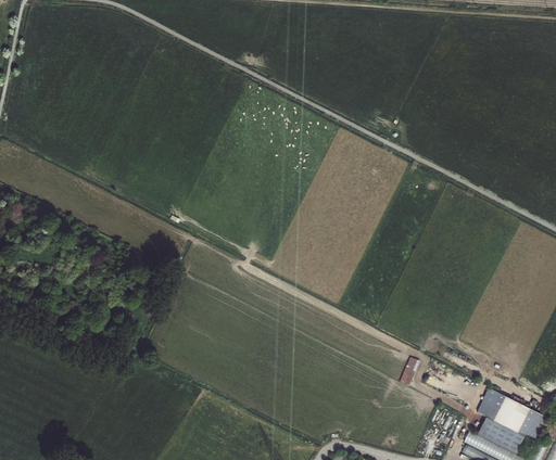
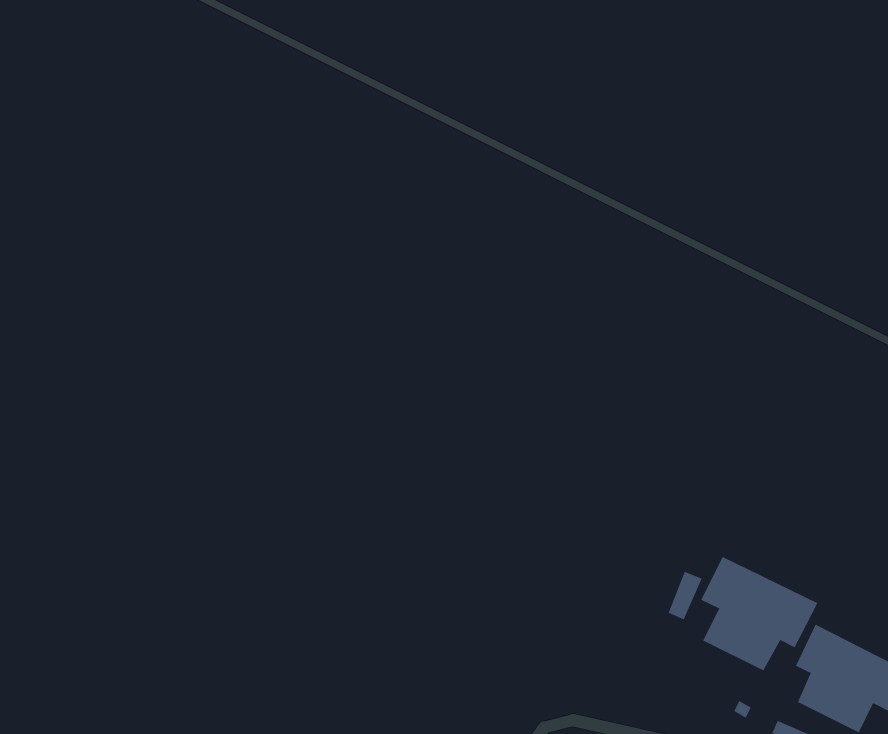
building: none -> [701,556,818,671]

